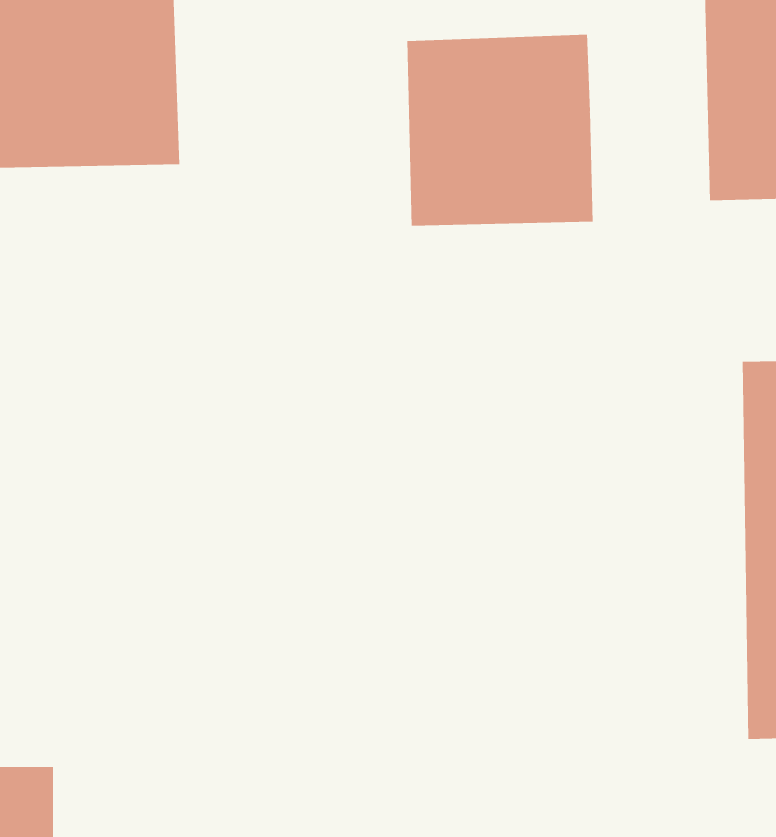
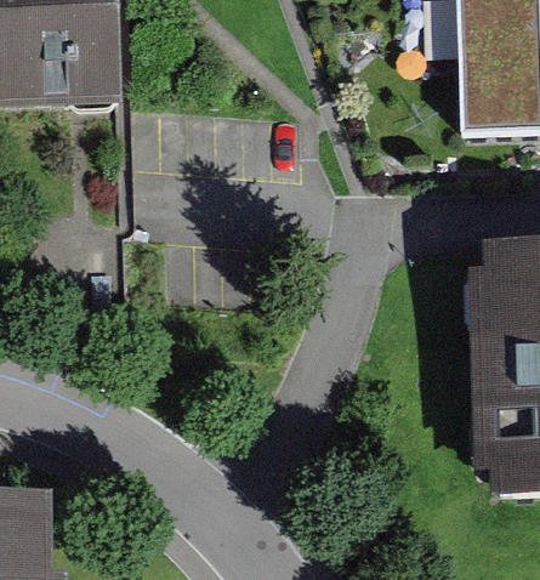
building: [407,34,593,227] -> none

